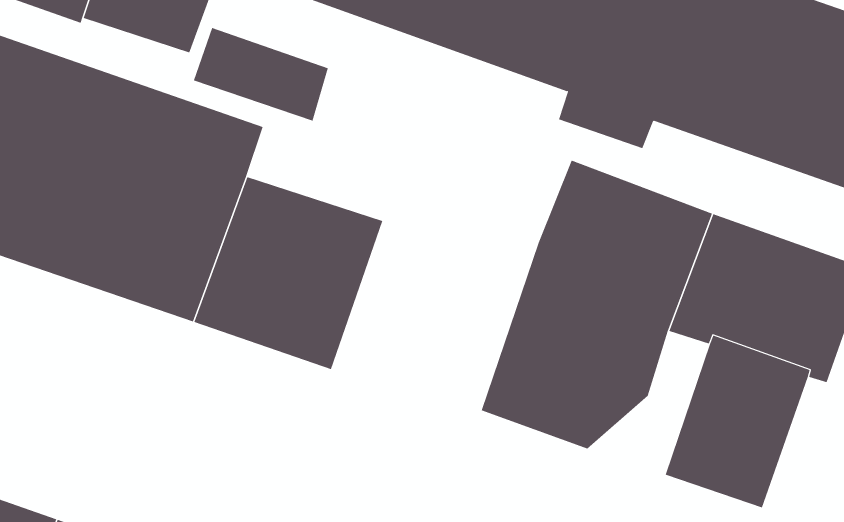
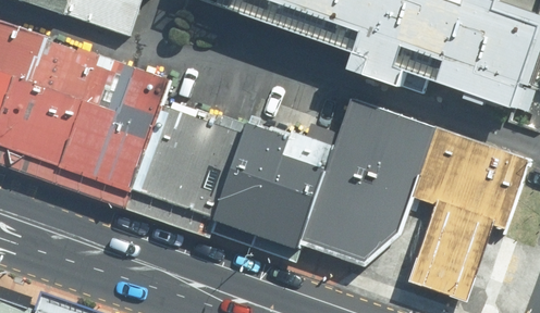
building: [193,27,329,121] -> none
building: none -> [212,123,334,249]

